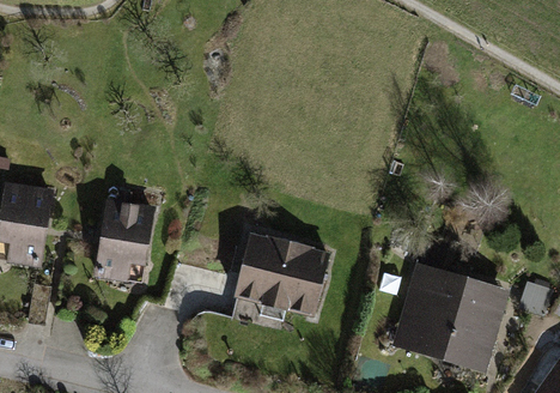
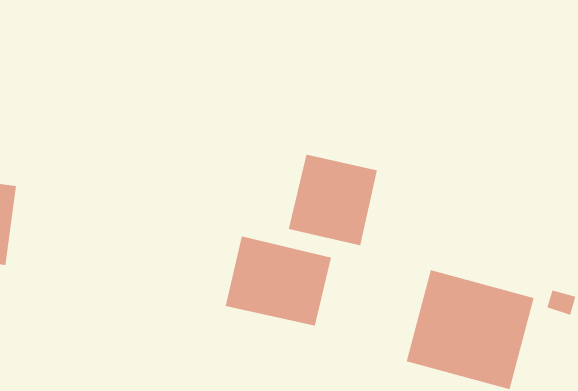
building: none -> [288,154,377,246]
building: [95,200,152,283] -> none

